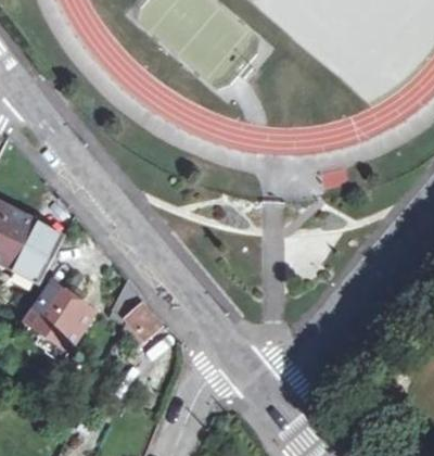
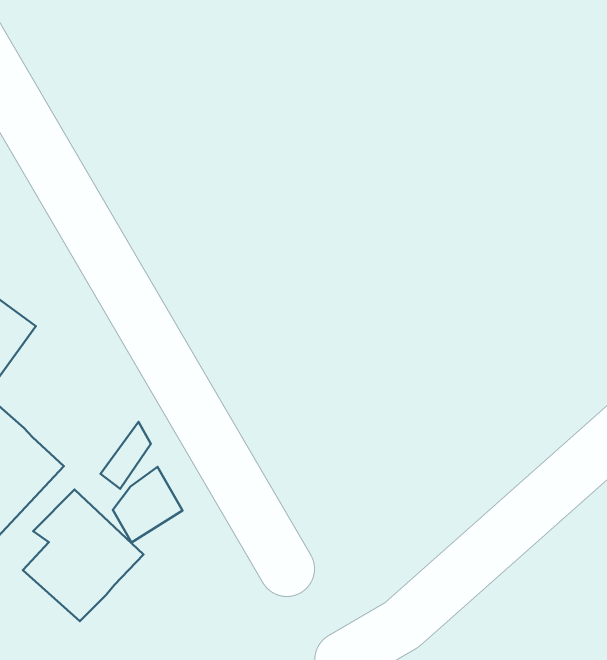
building: none -> [23,490,143,621]

